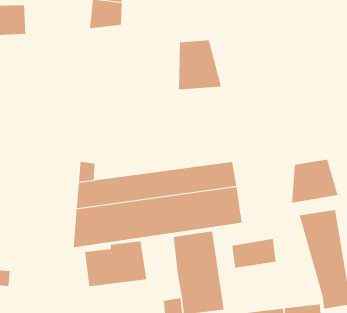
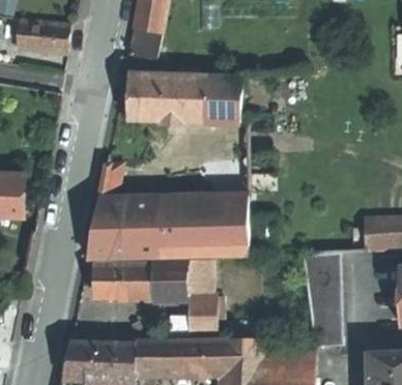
building: none -> [126,73,209,122]
building: [291,159,338,203] -> none
building: none -> [151,260,181,297]
building: [232,238,276,268] -> none

